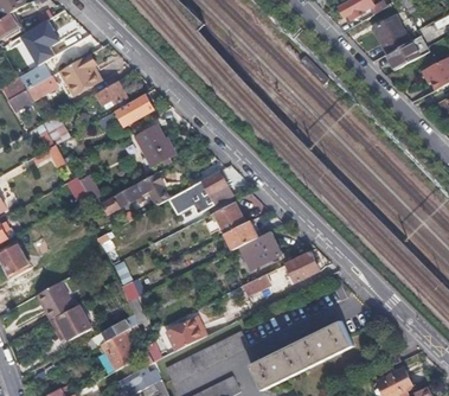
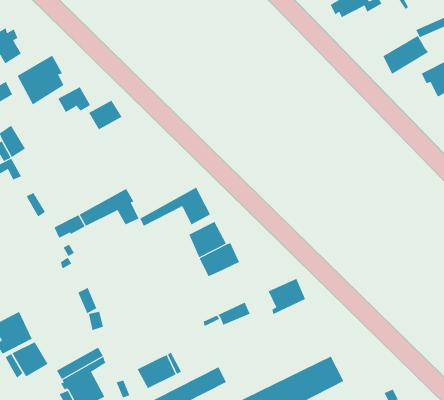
building: [372,15,408,55] -> none
building: [133,124,173,166] -> none
building: [239,232,281,269] -> none

